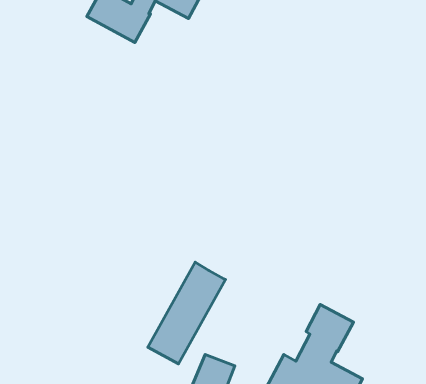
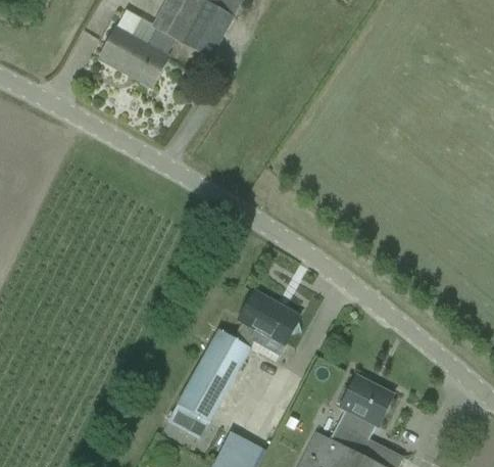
building: none -> [233,291,300,356]

